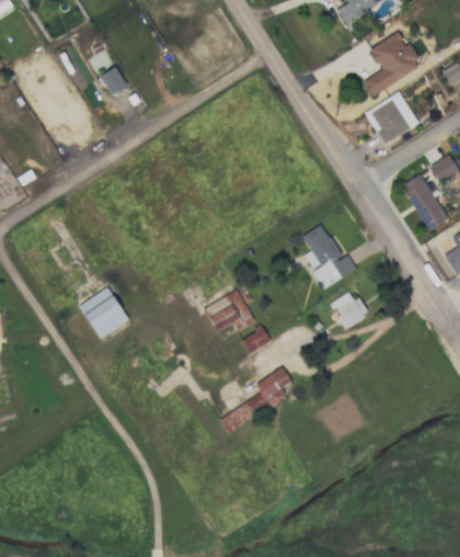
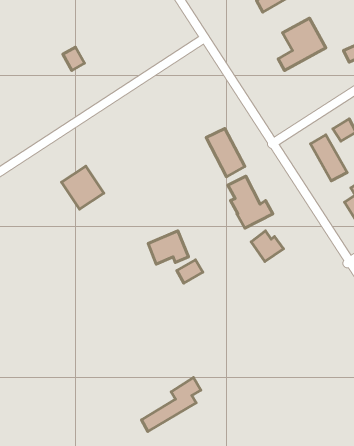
building: [366,92,418,144] -> none
building: none -> [206,128,245,177]
building: [79,286,130,339] -> [62,166,104,209]
building: [220,366,292,432] -> [142,378,201,431]

